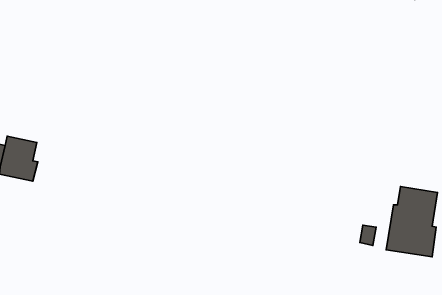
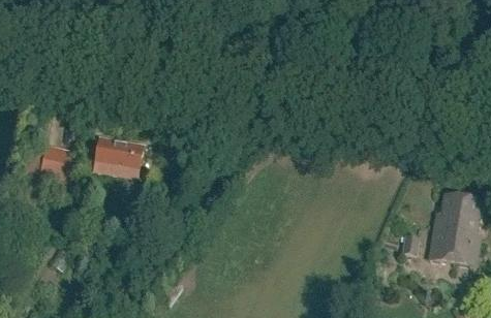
building: none -> [93,137,144,178]

